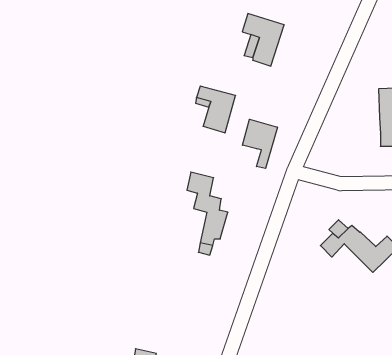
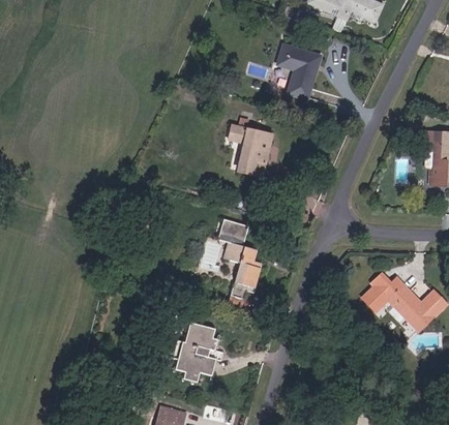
building: [242,119,277,168] -> none
building: none -> [171,321,218,380]

